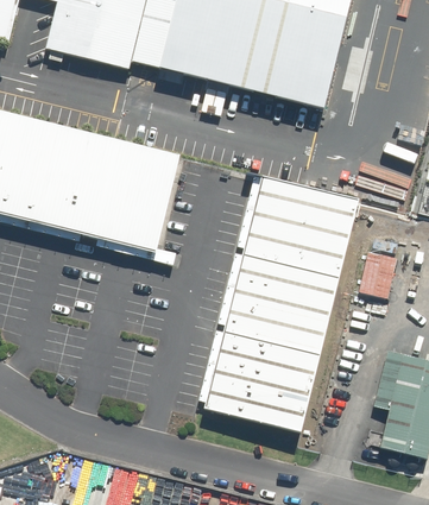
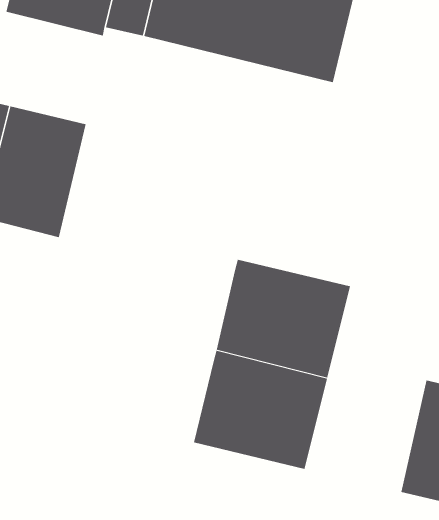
building: [93,141,178,252] -> none
building: [241,177,355,277] -> none

